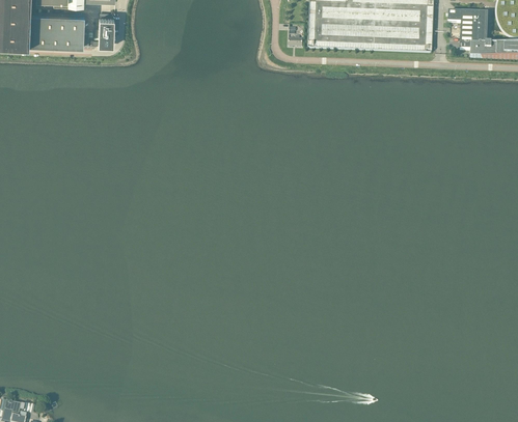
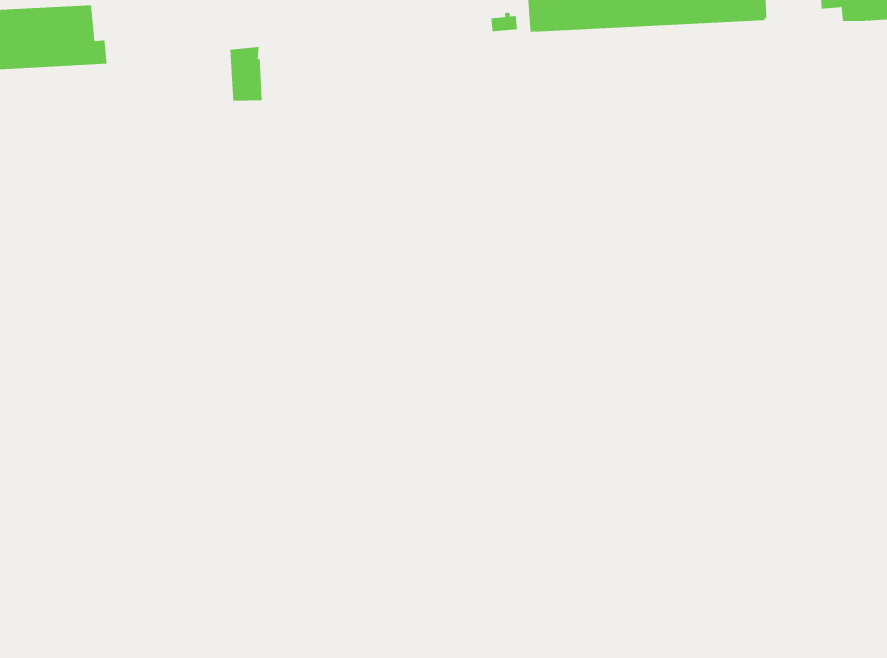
building: [98,17,114,45] -> [230,47,262,101]

